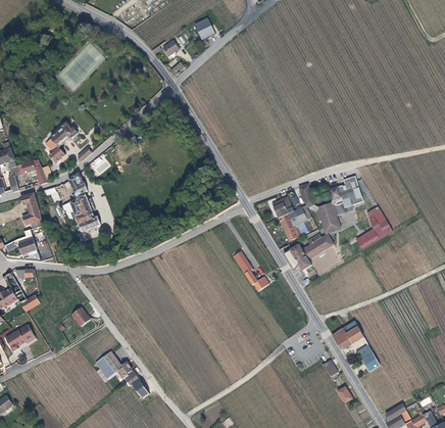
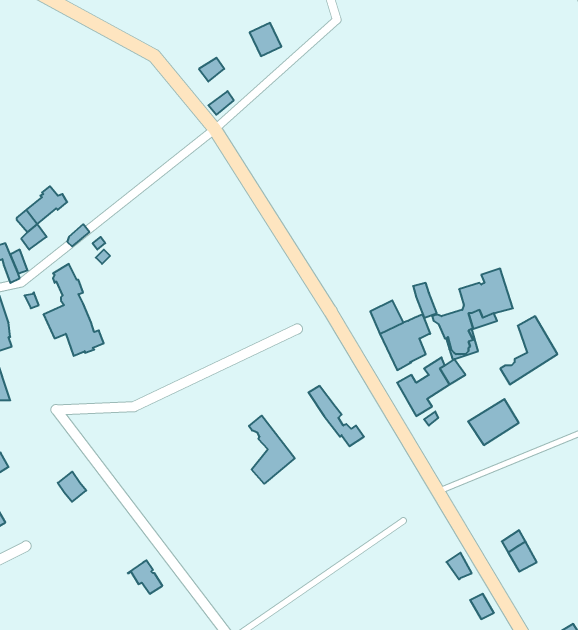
building: none -> [249,416,295,484]
building: [331,321,363,350] -> [468,399,519,445]
building: [90,350,128,380] -> none

